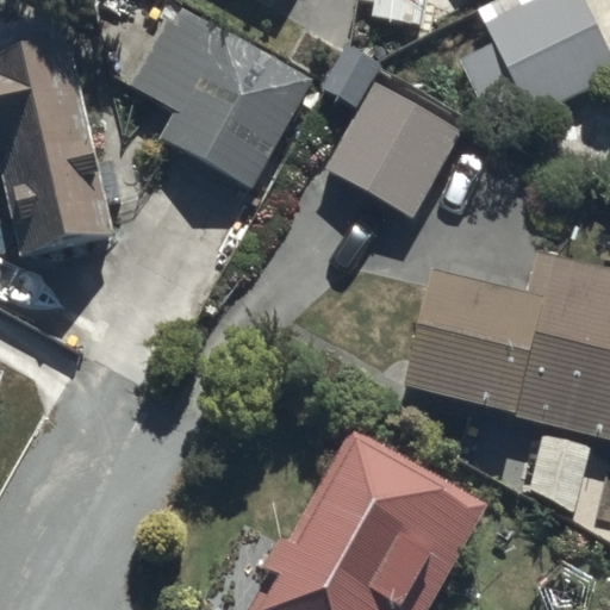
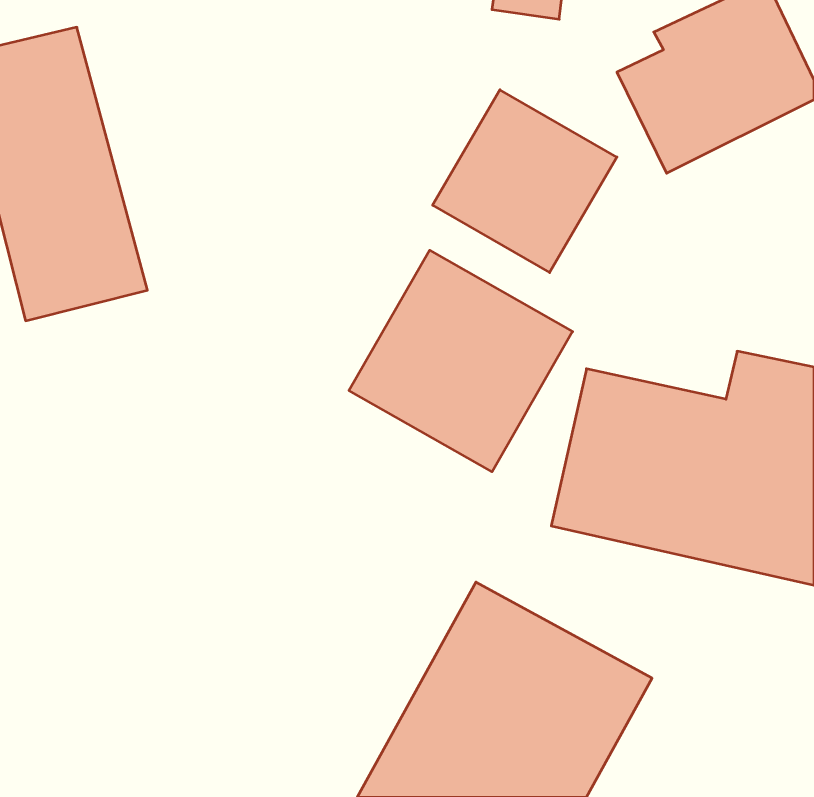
building: [136,14,309,188] -> none
building: none -> [349,250,573,472]

